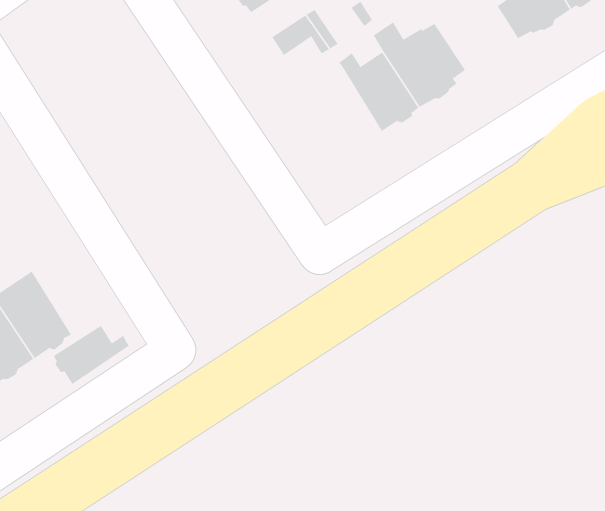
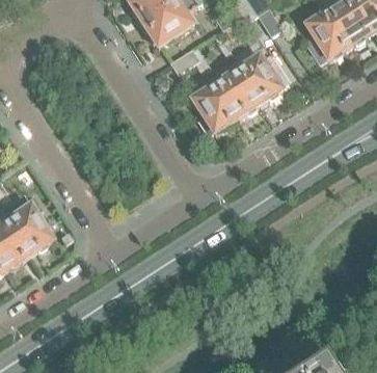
building: none -> [193,75,238,133]
building: [53,316,130,385] -> none

